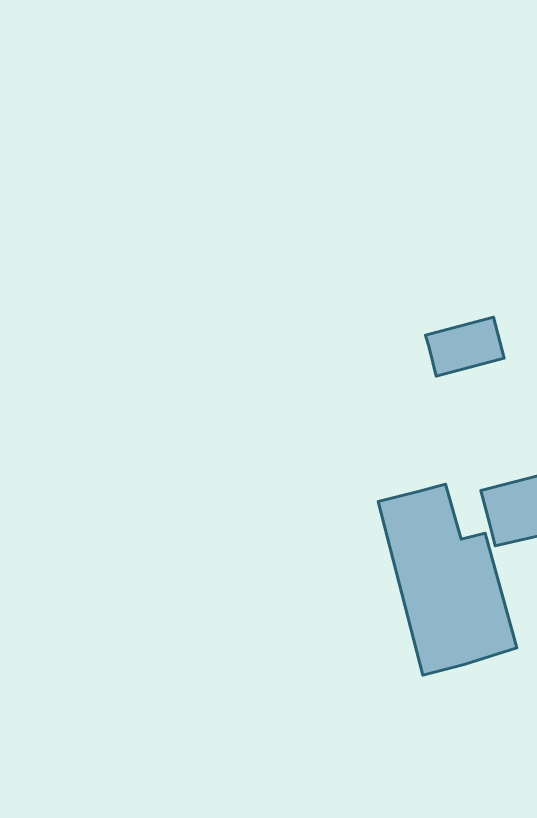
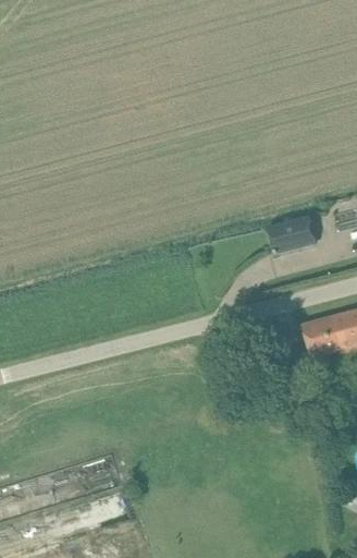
building: [378,484,517,675] -> none

